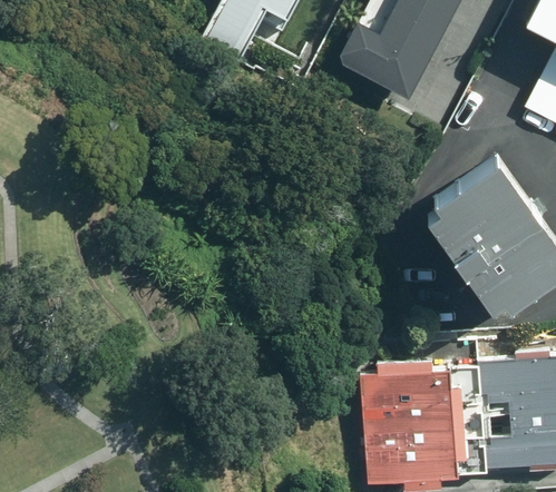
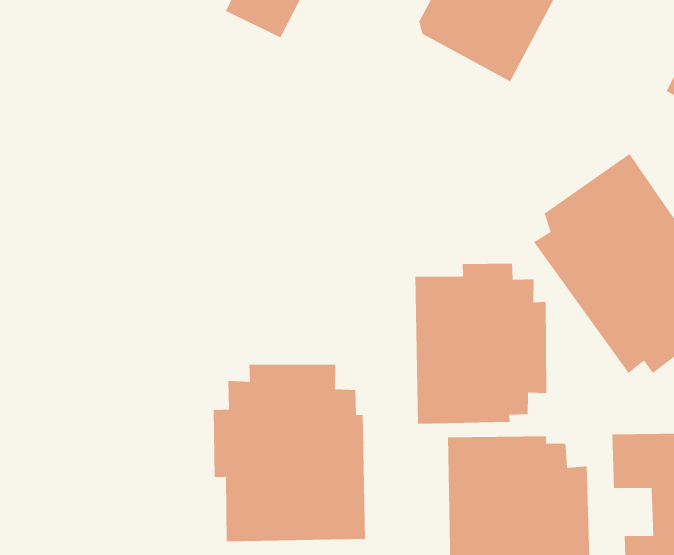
building: none -> [415,263,547,424]
building: none -> [213,364,366,542]

